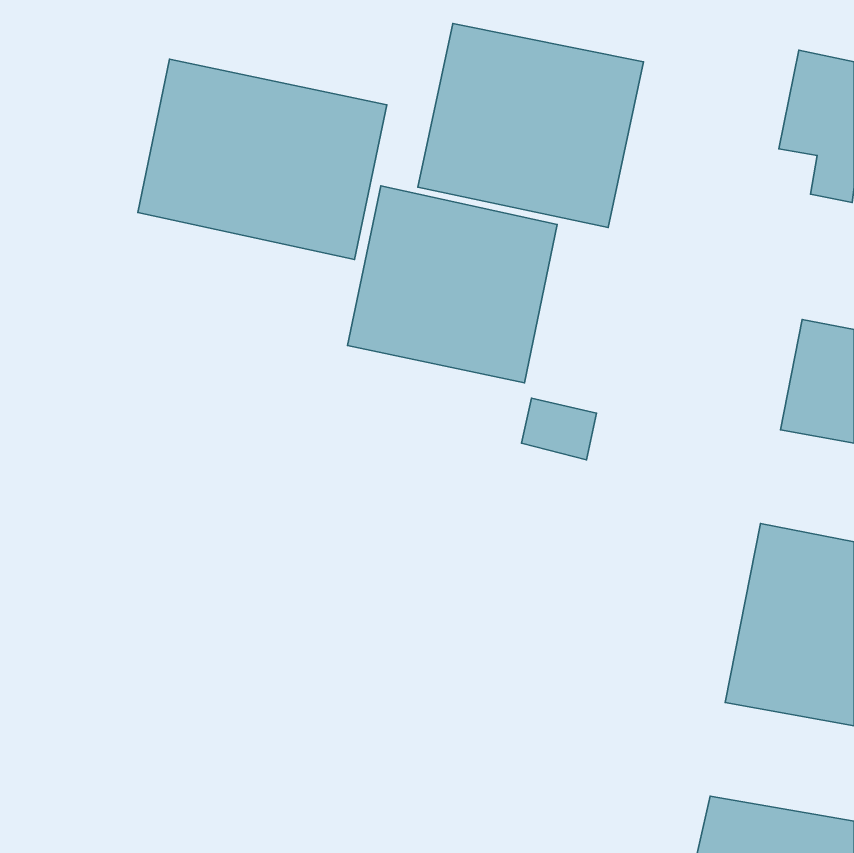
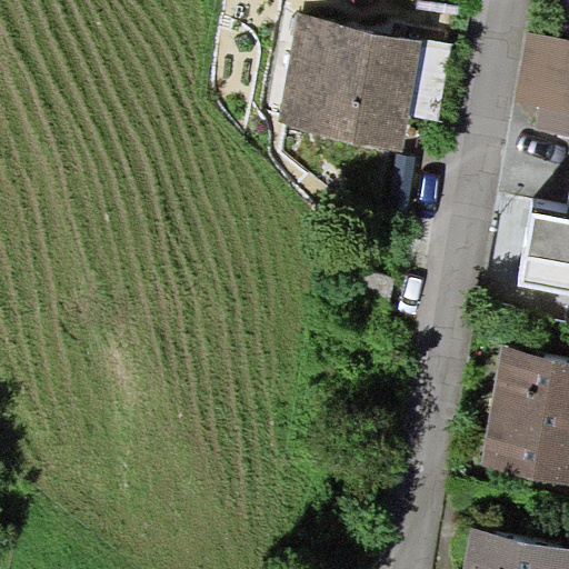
building: [138,59,387,260] -> none
building: [347,186,557,383] -> none

